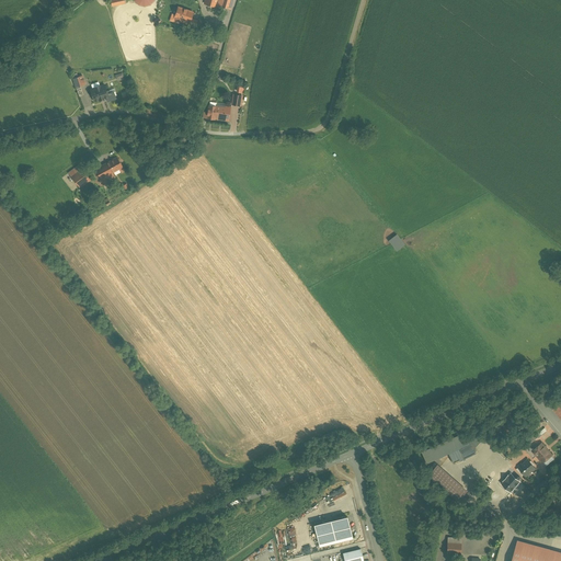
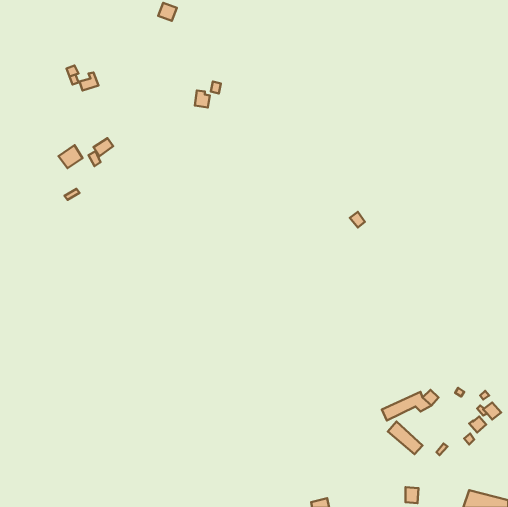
building: [314,516,351,546] -> none

